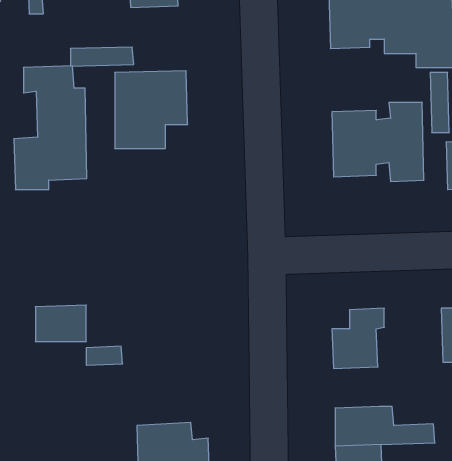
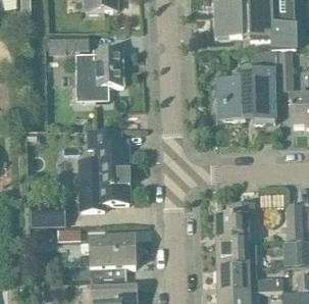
building: [14,66,87,190] -> [82,131,128,210]
building: none -> [74,238,136,280]
building: none -> [217,242,247,268]

